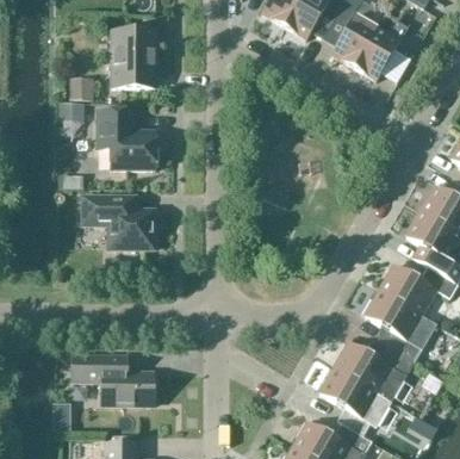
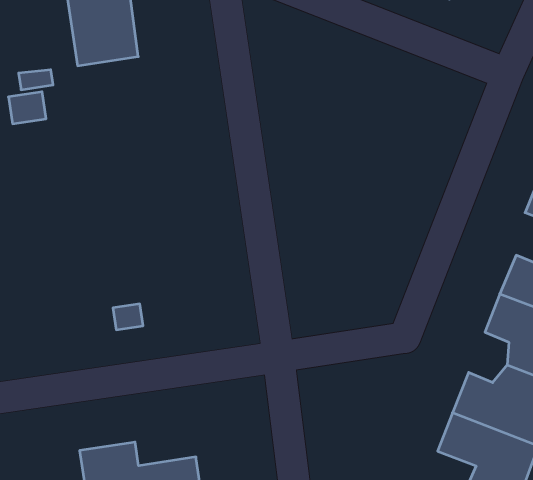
building: [98,108,155,169] -> none
building: [82,194,155,248] -> none

